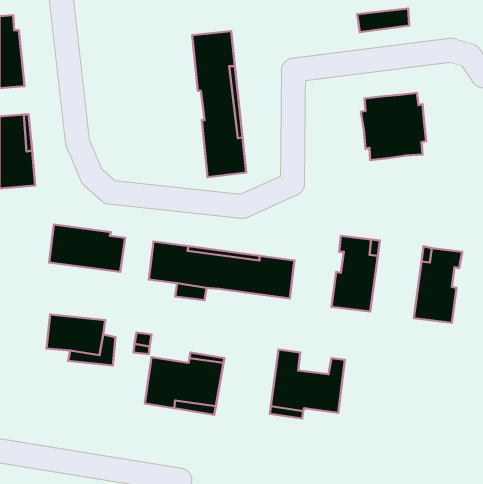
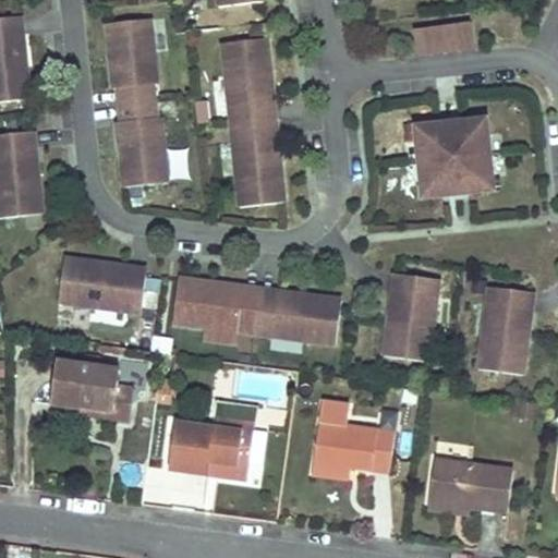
building: none -> [106,16,166,184]
building: none -> [424,457,510,513]

